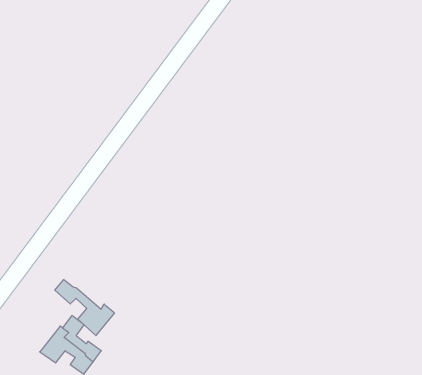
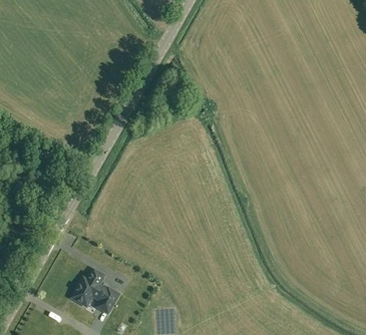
building: [55,280,114,336] -> none

